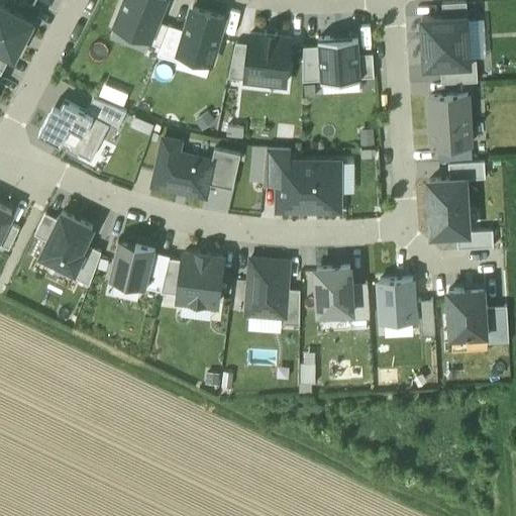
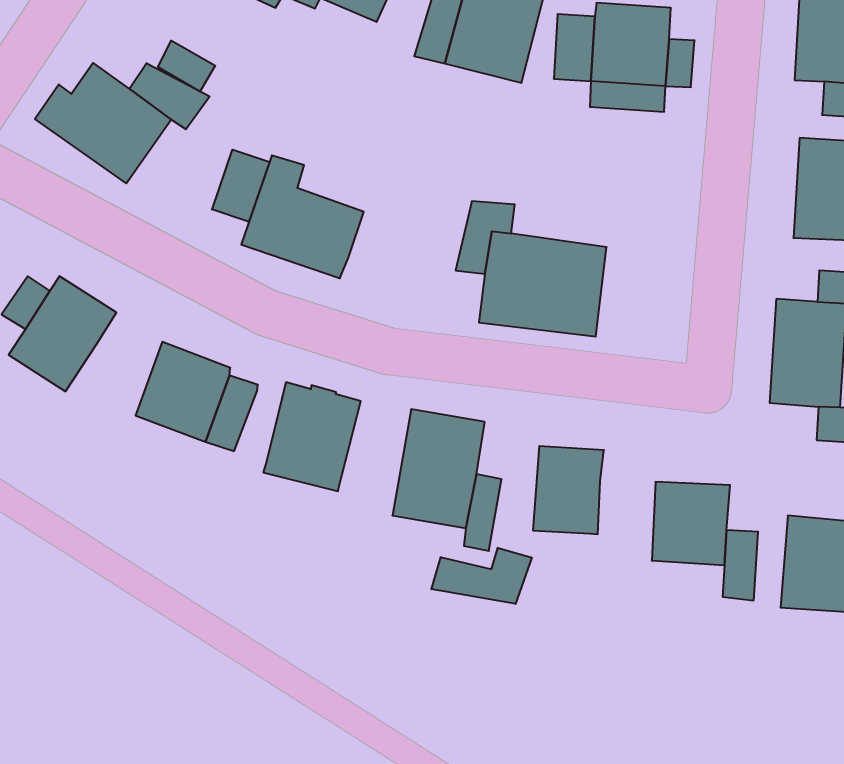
building: none -> [212,150,269,222]
building: [207,149,240,192] -> none
building: [71,246,101,287] -> none
building: [161,261,182,297] -> none
building: [347,286,368,322] -> none
building: none -> [431,548,532,604]

